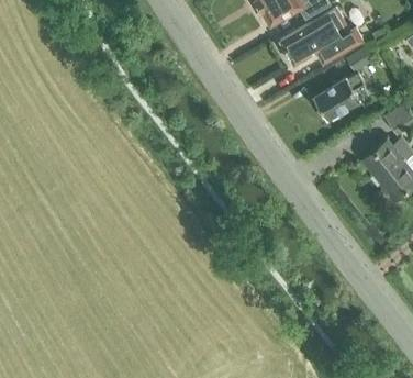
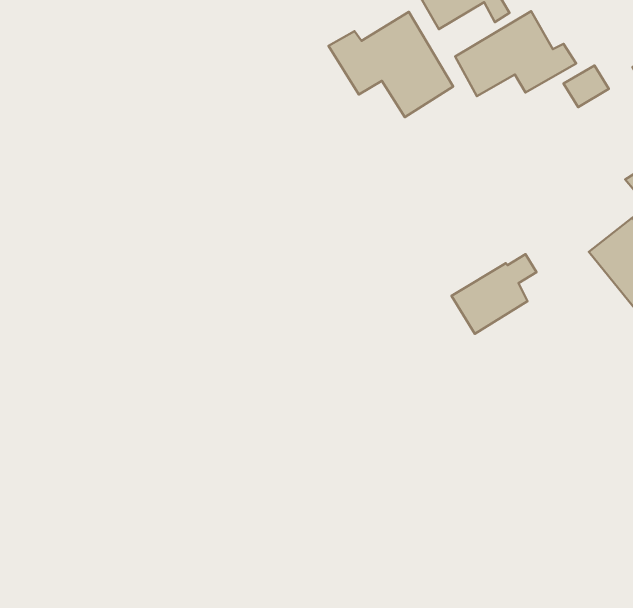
building: none -> [328,12,453,117]
building: [313,71,365,120] -> [451,254,536,334]

